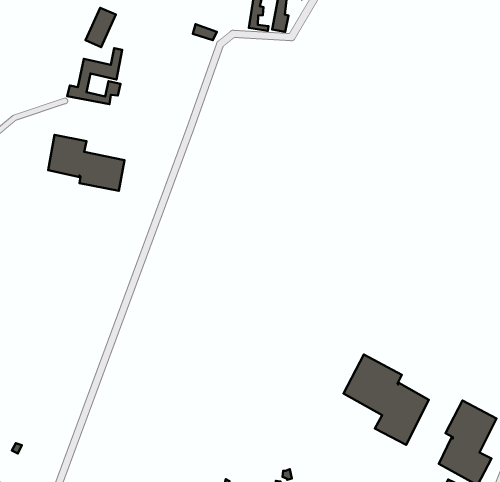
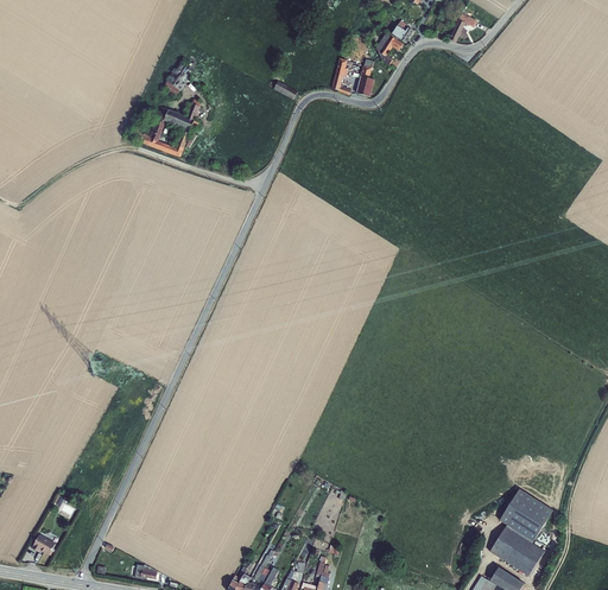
building: [48,135,125,191] -> none
building: [343,355,429,445] -> none

